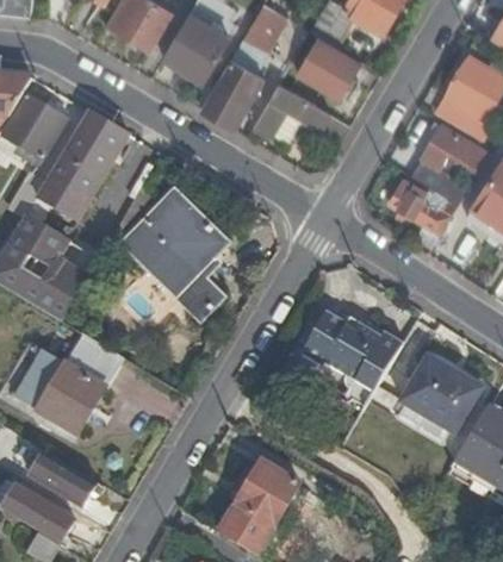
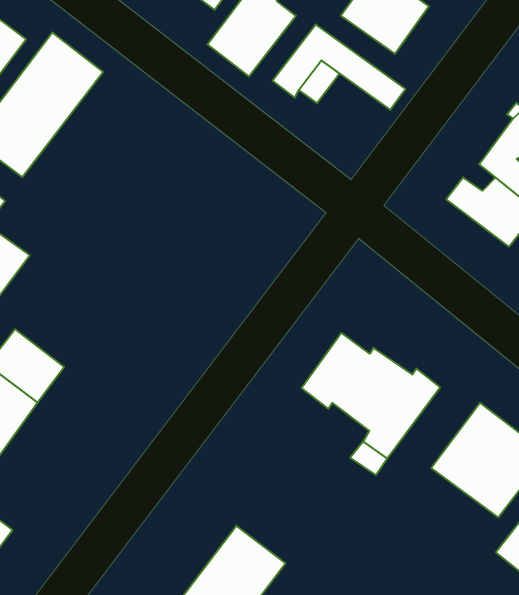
building: [128,189,224,320] -> none

